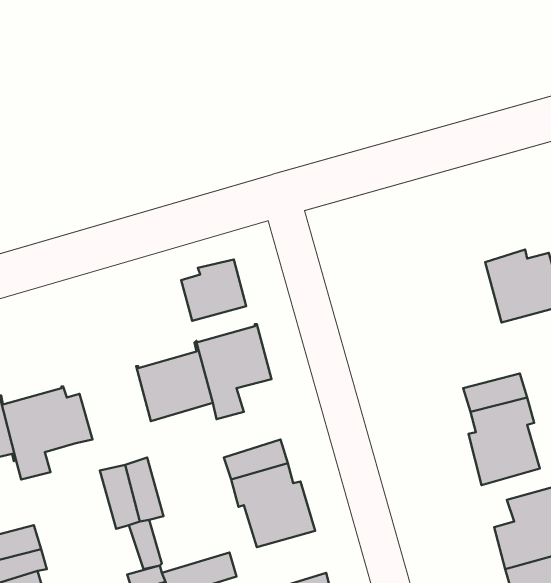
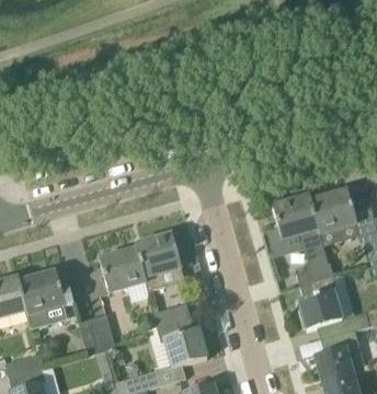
building: [181,260,246,321] -> none
building: none -> [273,197,321,247]

